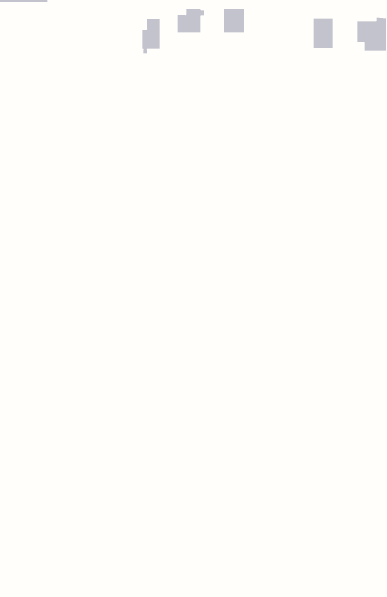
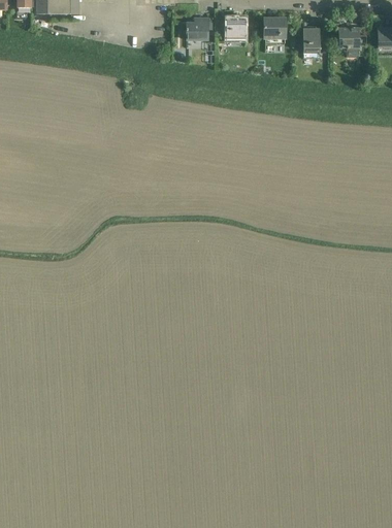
building: none -> [263,19,285,42]
building: [142,18,160,54] -> none

